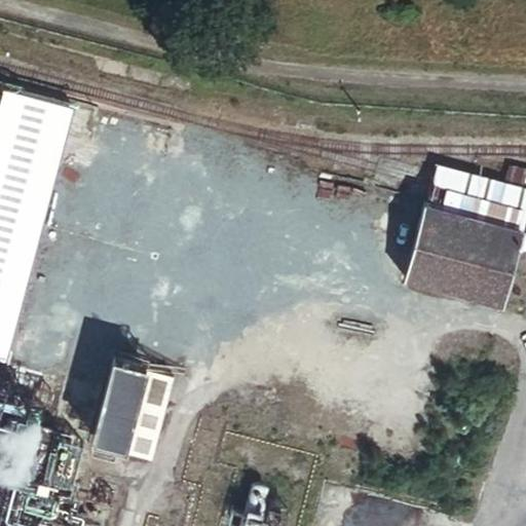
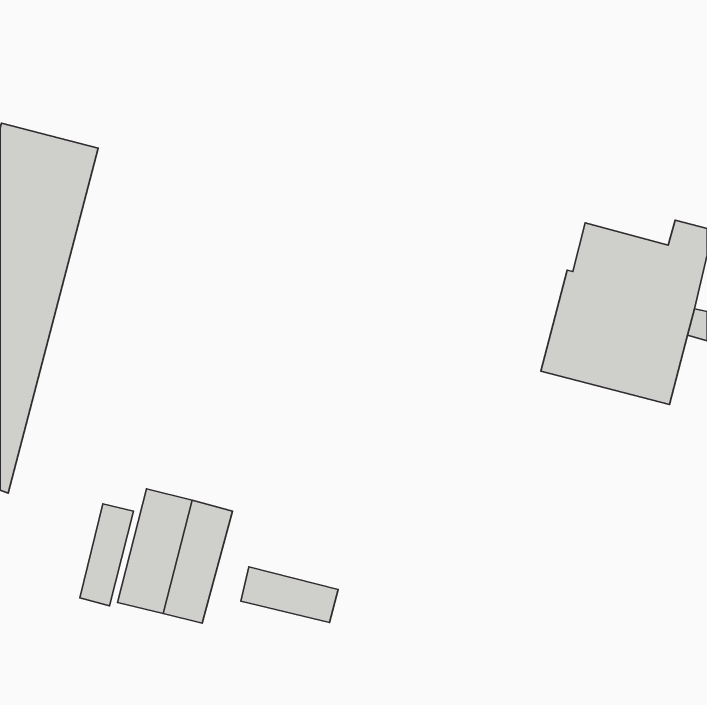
building: none -> [80,504,134,606]
building: none -> [241,567,338,623]

